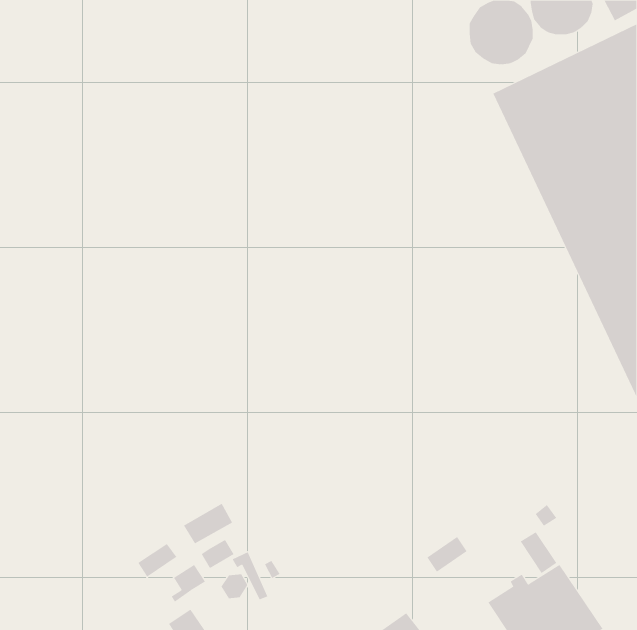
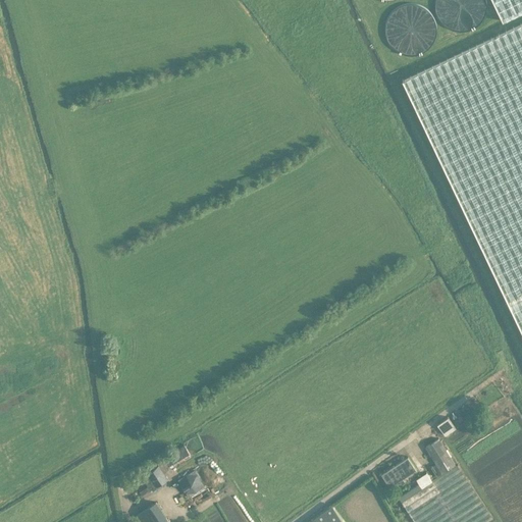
building: [183,503,233,544] -> none
building: [426,536,468,572] -> [382,459,416,488]
building: [137,543,177,578] -> none

